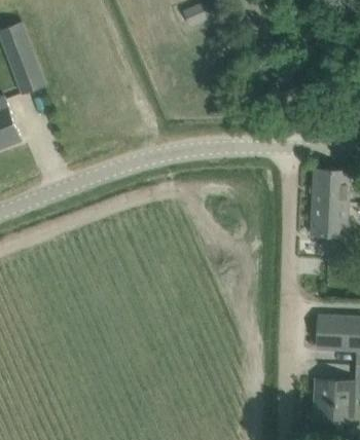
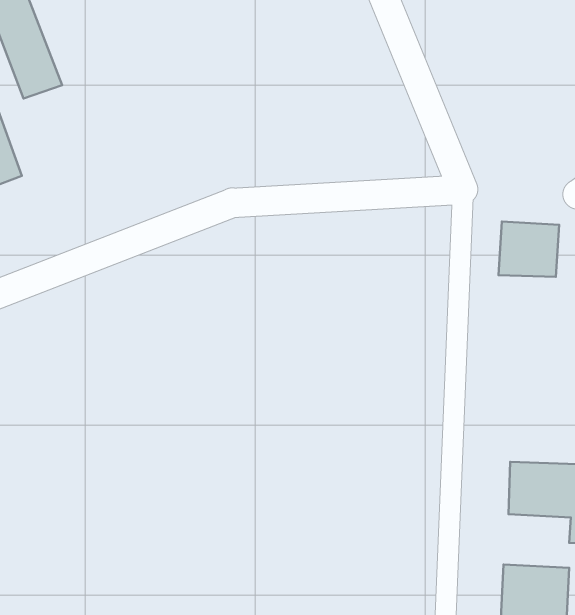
building: [310,200,348,257] -> none

